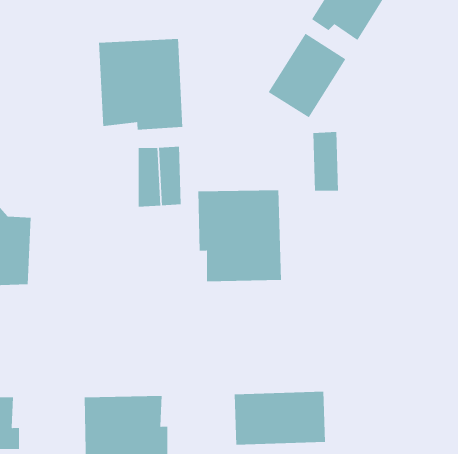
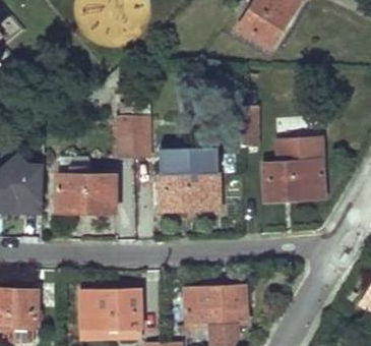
building: [268,33,346,118] -> none
building: [98,38,183,131] -> none
building: none -> [263,138,325,199]
building: none -> [55,156,115,212]

